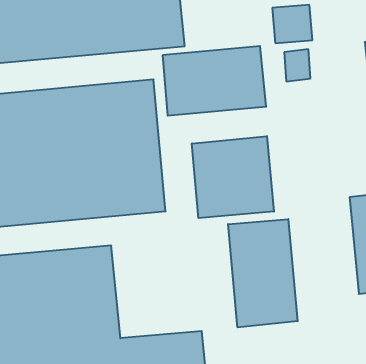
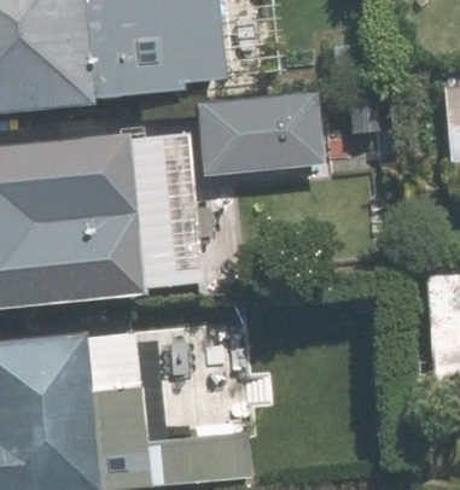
building: [192,136,274,218] -> none
building: [228,219,298,327] -> none

